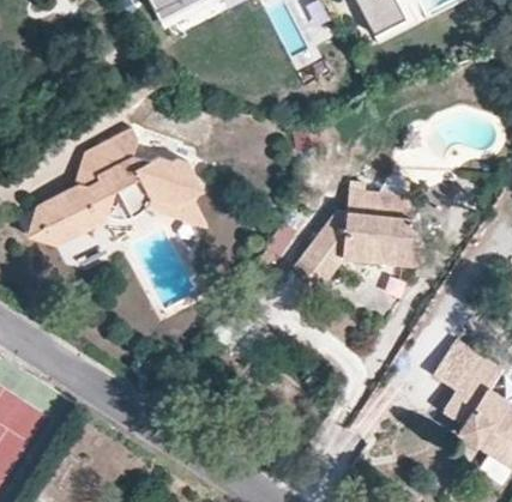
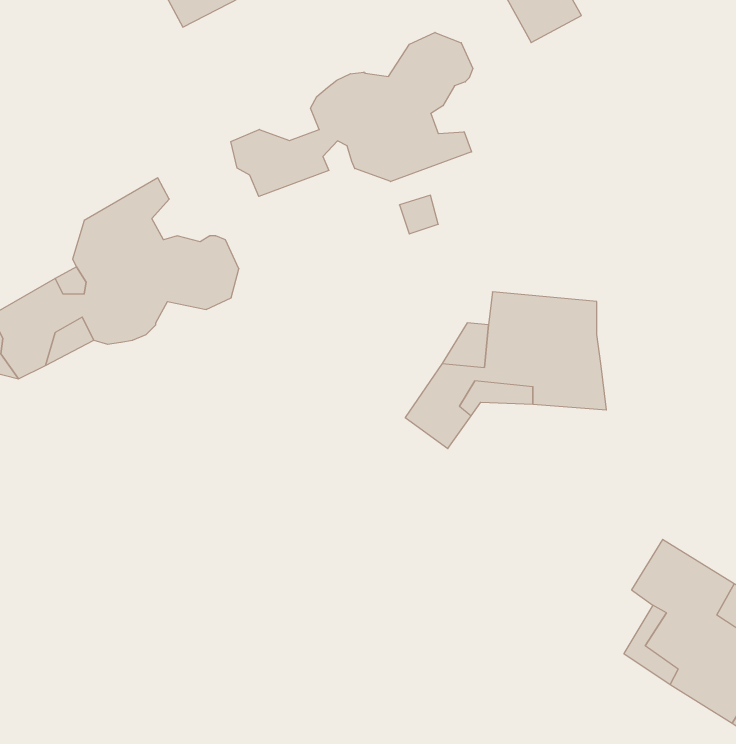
building: none -> [231,32,473,196]

